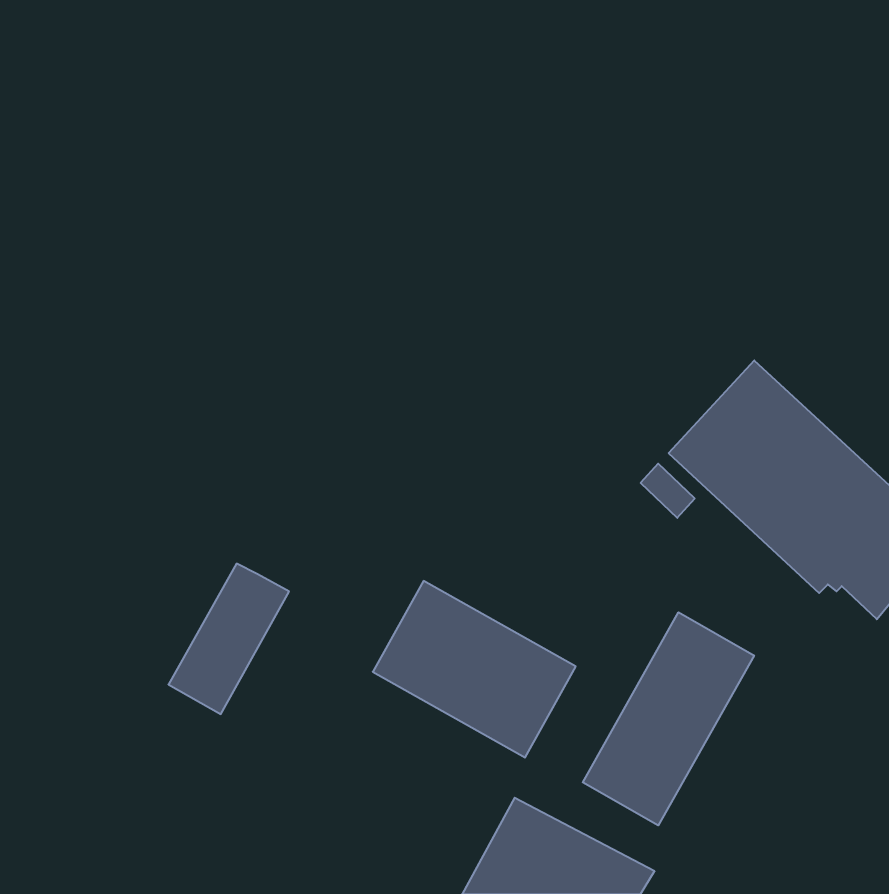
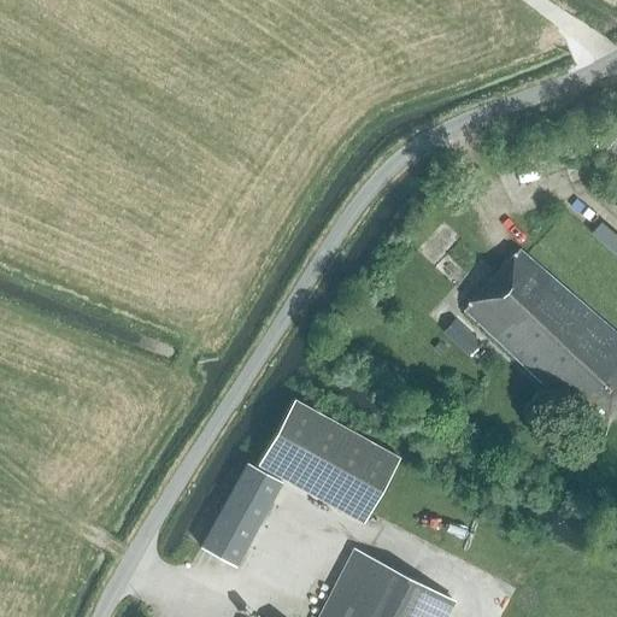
building: [168,564,289,714] -> [201,463,284,566]
building: [583,612,754,825] -> none

